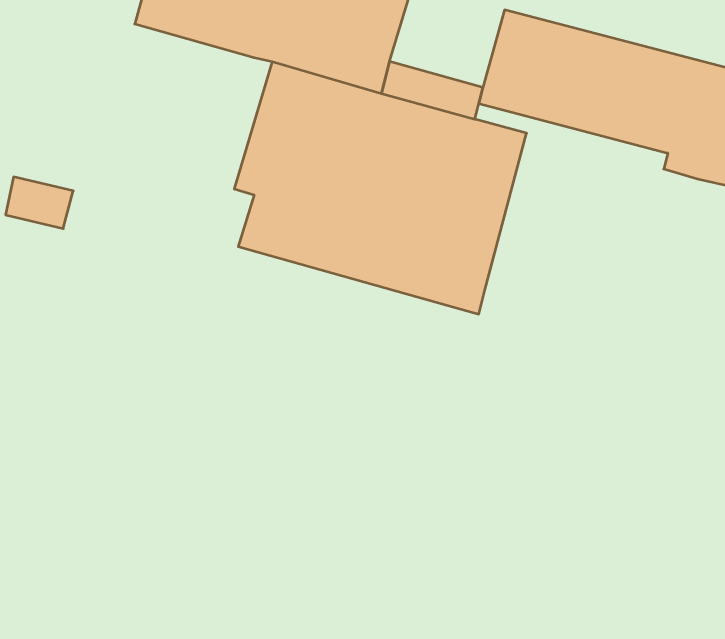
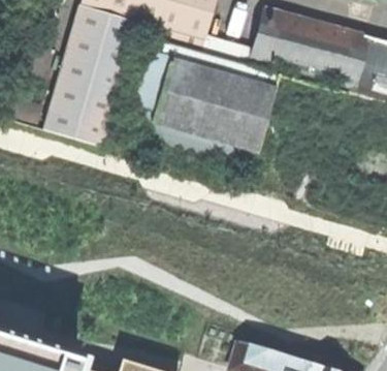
building: none -> [45,14,139,145]

